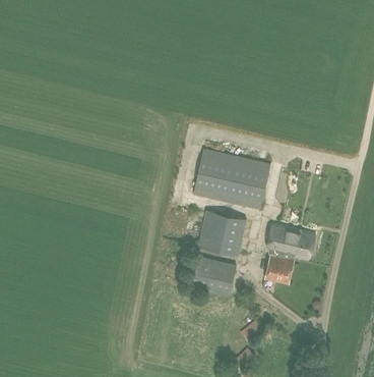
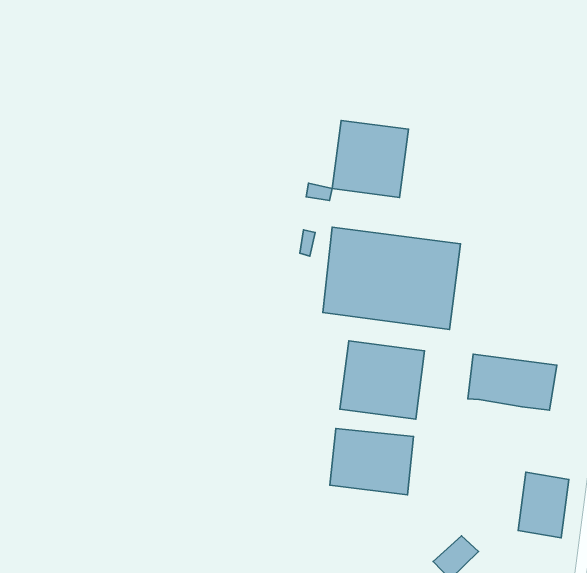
building: none -> [332,120,409,197]
building: [265,248,295,284] -> [518,472,569,538]

